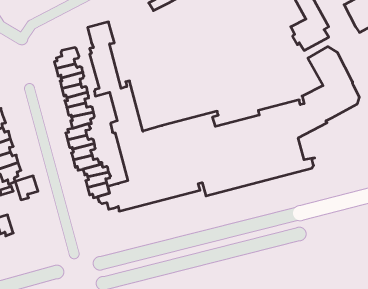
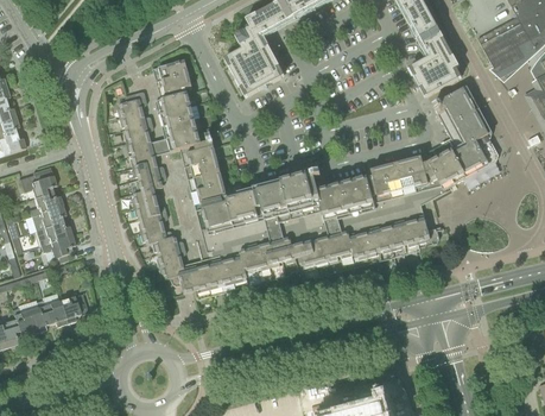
building: none -> [227,37,281,94]
building: [15,176,38,200] -> [58,292,87,322]

